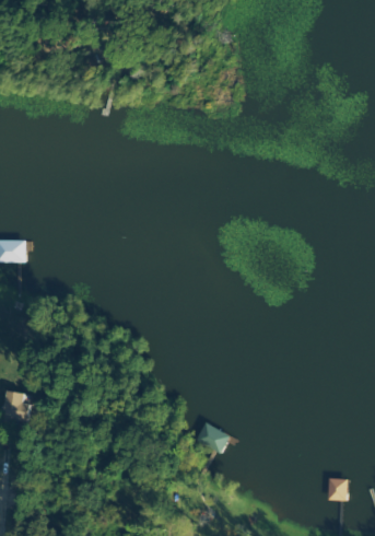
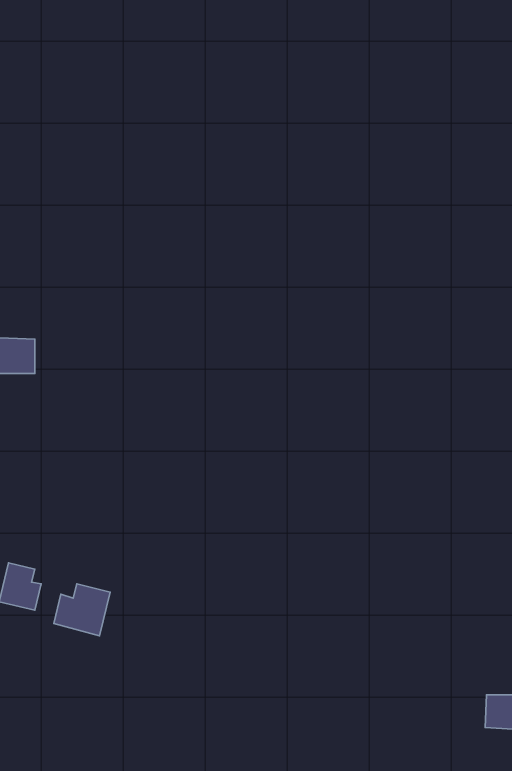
building: none -> [54,584,110,636]
building: [197,423,231,454] -> none

